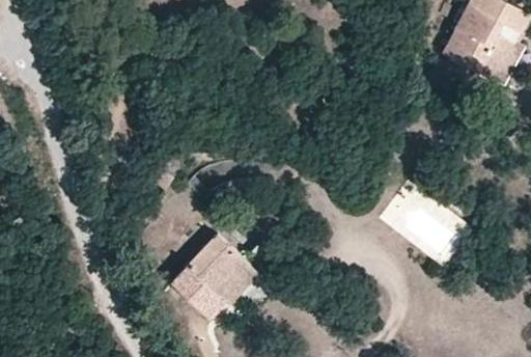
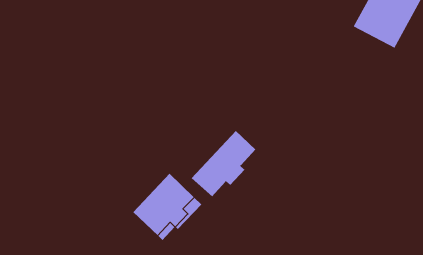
building: none -> [191,130,256,197]

